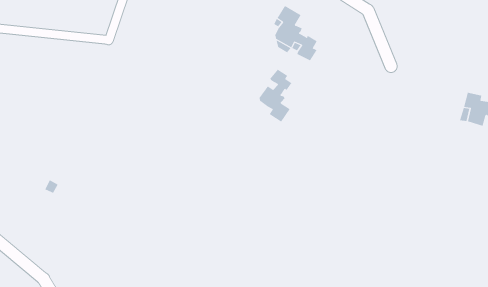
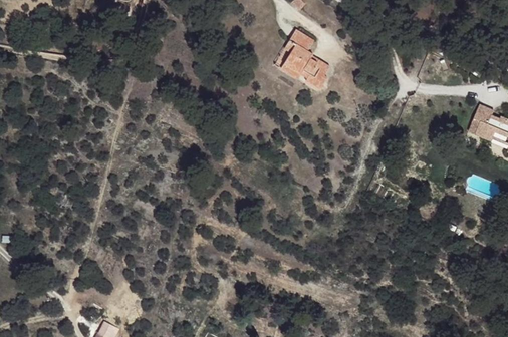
building: [259,69,292,123] -> none

